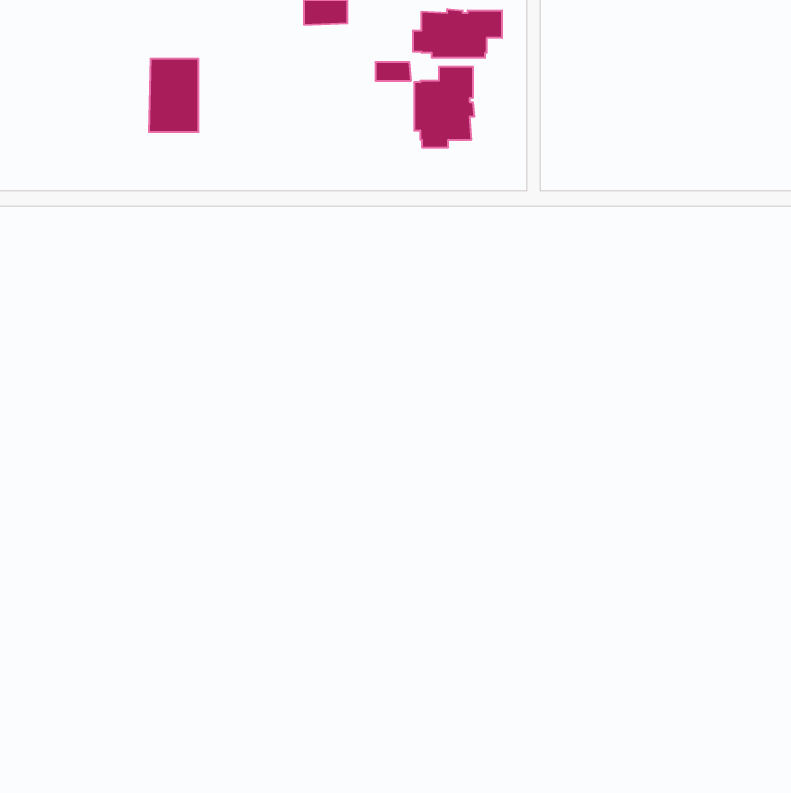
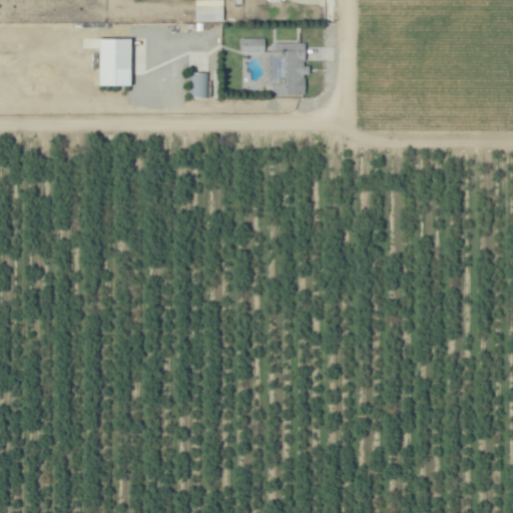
building: [413,9,502,58] -> none
building: none -> [191,74,210,99]

